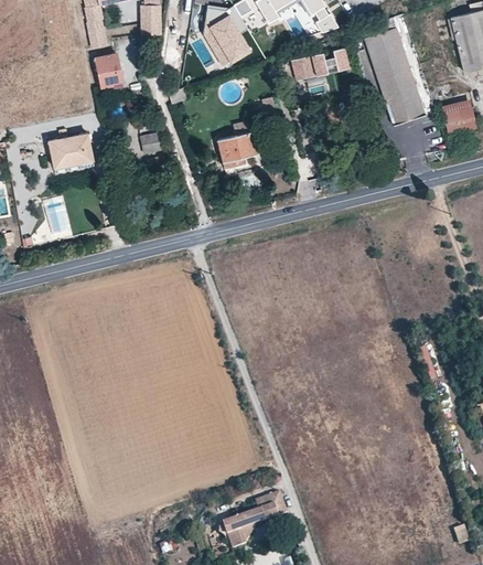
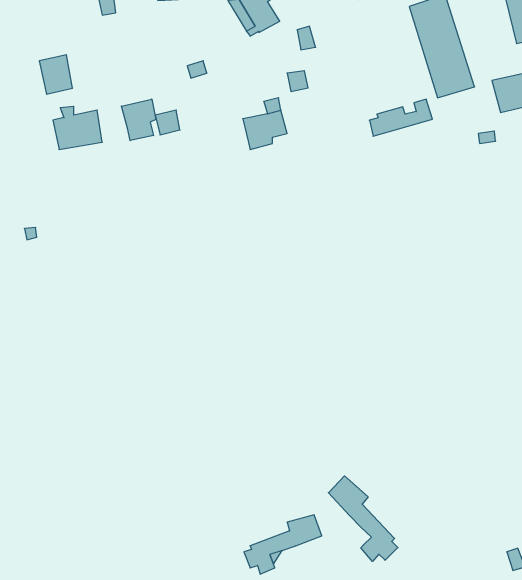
building: [292,46,348,79] -> [369,99,432,136]
building: [93,52,122,87] -> [39,55,73,94]
building: none -> [121,99,156,141]
building: none -> [328,476,398,561]

